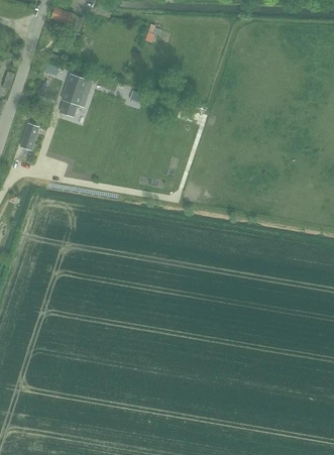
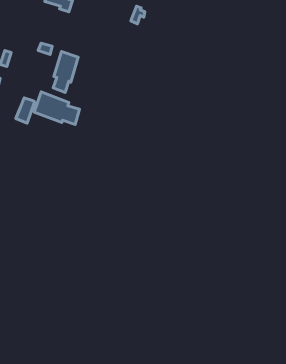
building: none -> [34,92,79,124]

